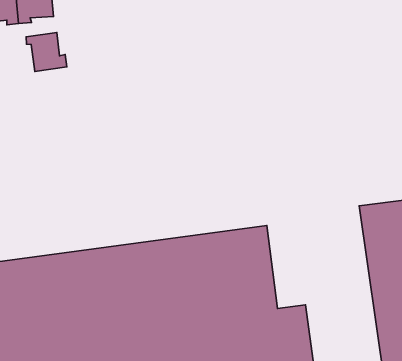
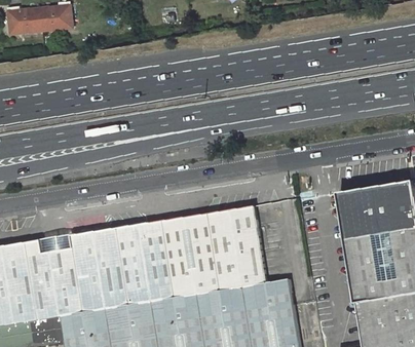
building: [26,33,67,71] -> none

